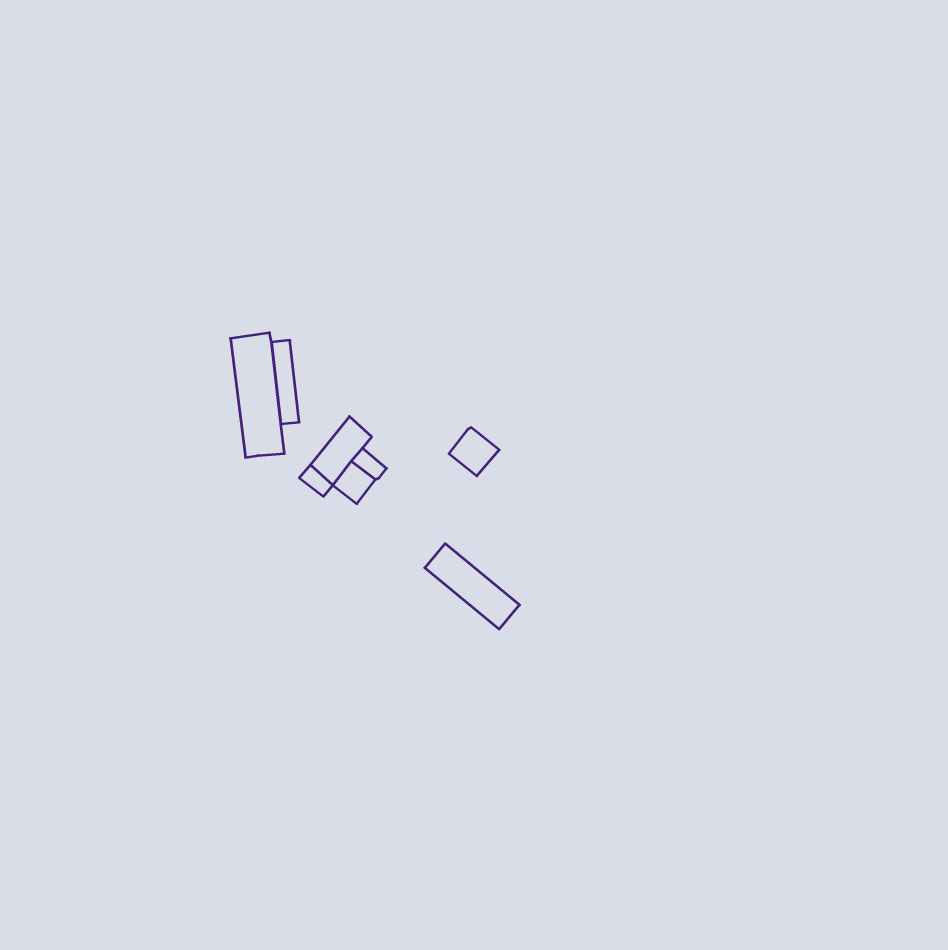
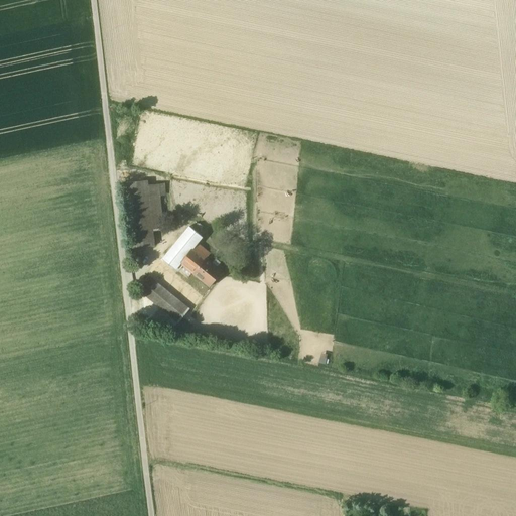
building: [449,428,499,476] -> [195,259,222,285]
building: [425,544,520,629] -> [138,276,189,322]

